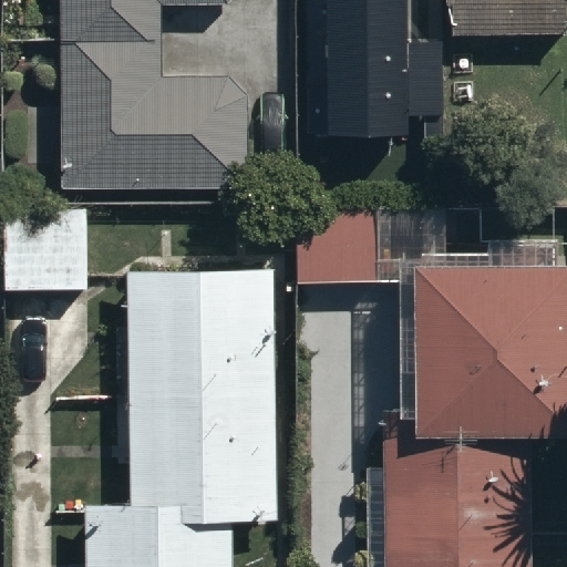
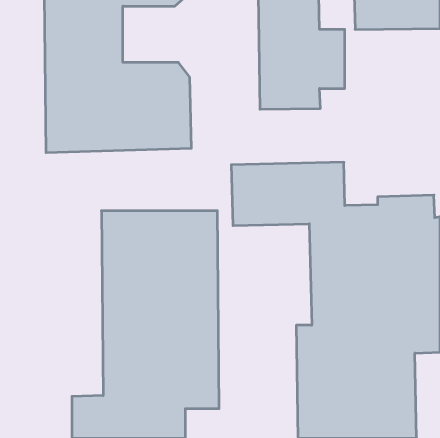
building: [8,206,91,289] -> none

